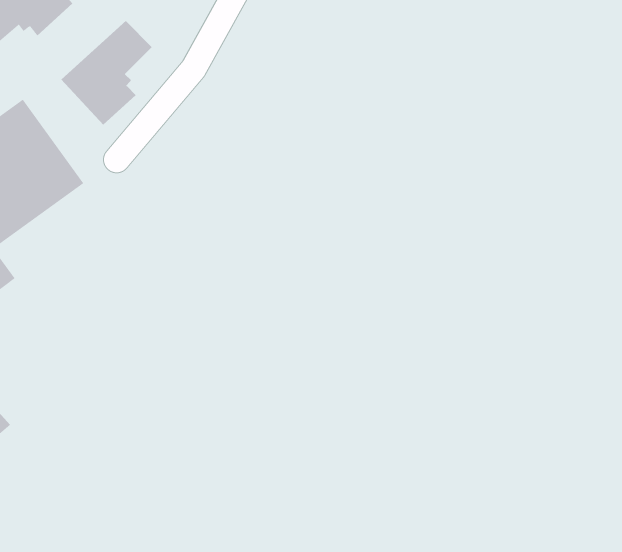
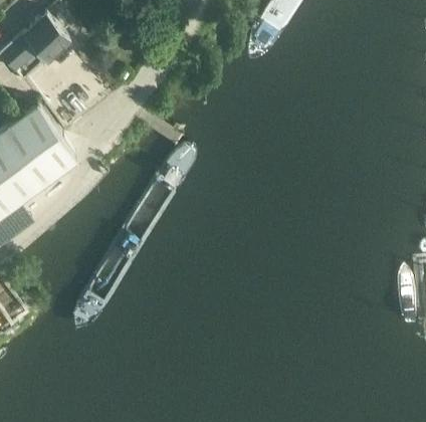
building: [60,20,153,126] -> none

